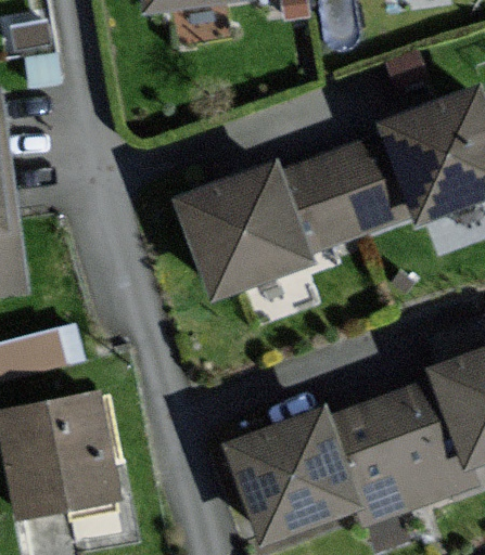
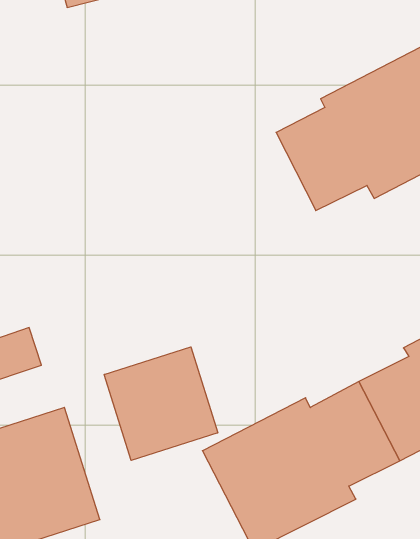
building: [176,154,361,302] -> none
building: none -> [104,347,218,460]

